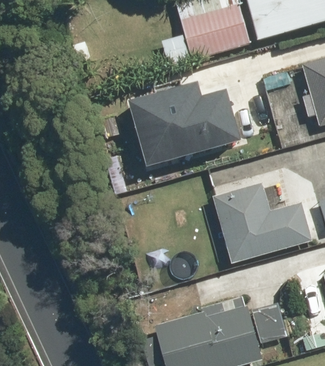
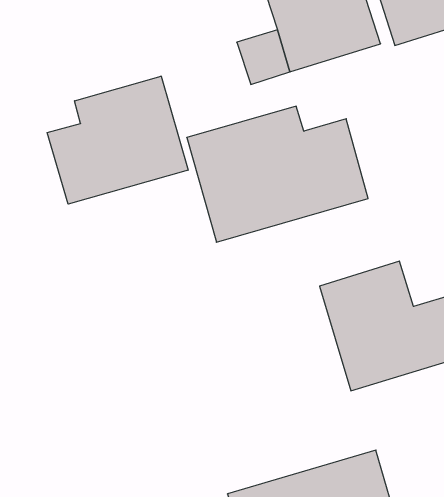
building: none -> [47,76,188,204]

